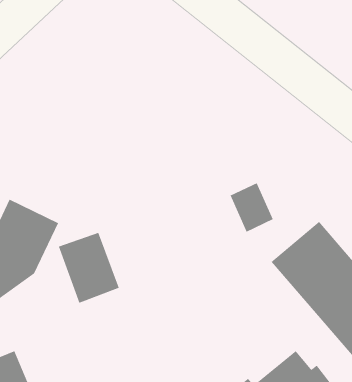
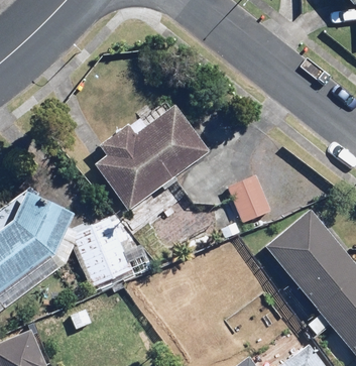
building: none -> [88,105,207,211]

